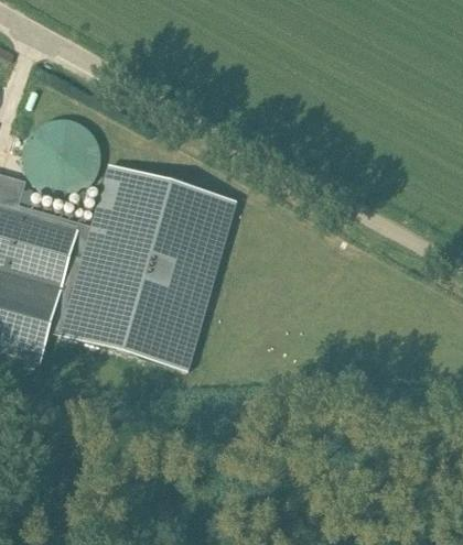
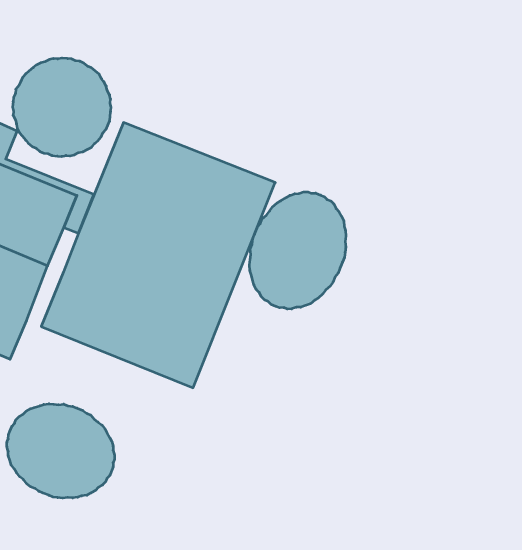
building: none -> [249,192,346,309]
building: none -> [7,404,115,498]

